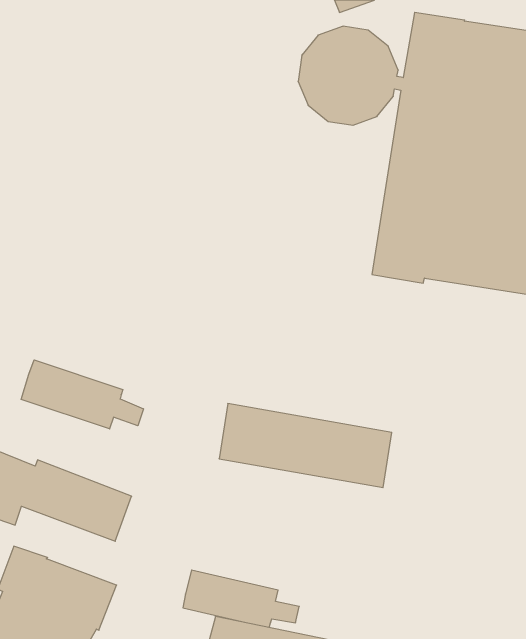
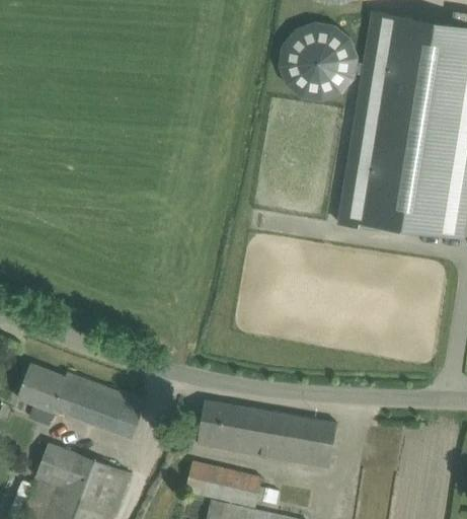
building: [21,360,143,429] -> none
building: [219,404,392,488] -> [198,400,337,468]

